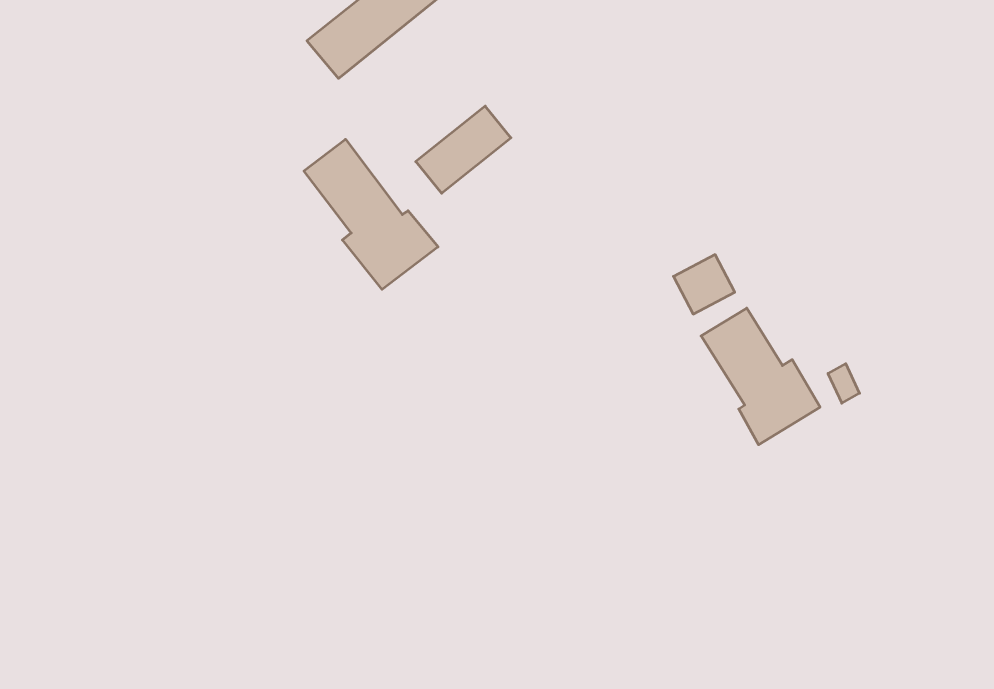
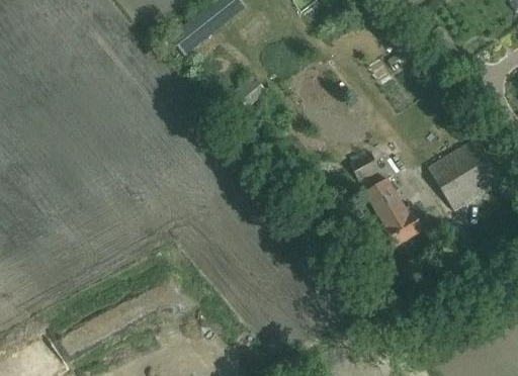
building: [304,139,438,289] -> none
building: none -> [427,138,502,211]

